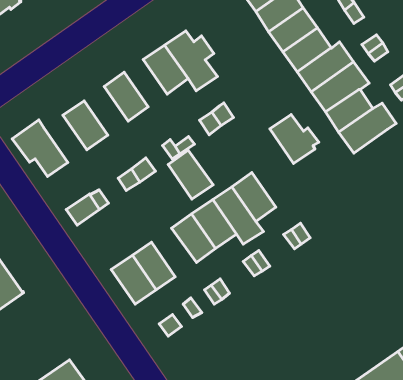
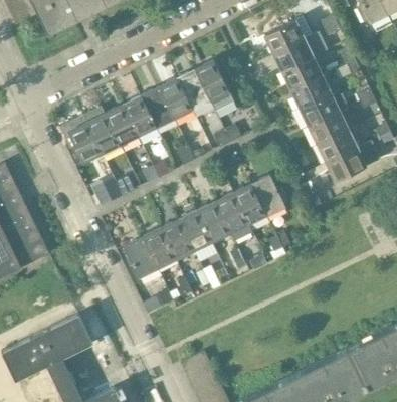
building: none -> [159,80,191,120]
building: none -> [123,97,156,138]
building: [270,114,319,163] -> [250,177,288,217]
building: none -> [86,116,119,155]
building: [168,150,213,199] -> [160,221,194,261]

